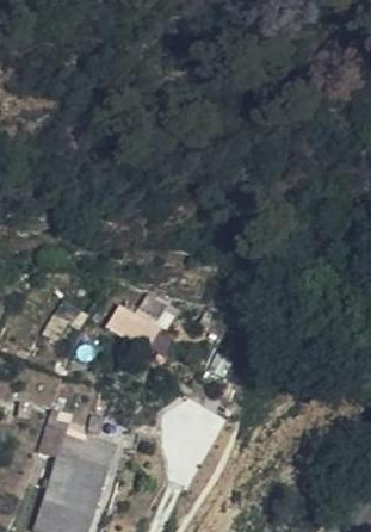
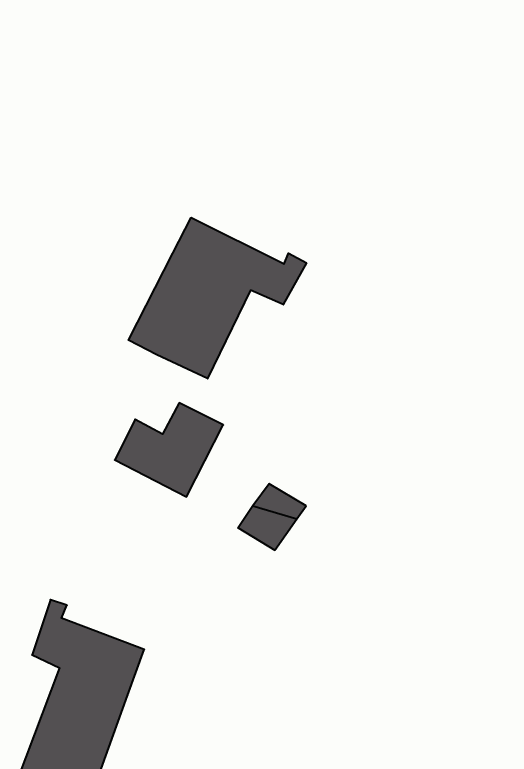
building: none -> [128,218,306,379]

